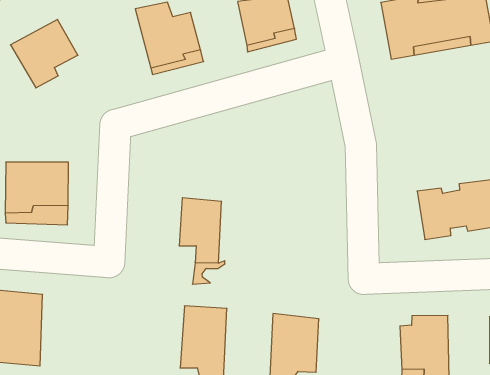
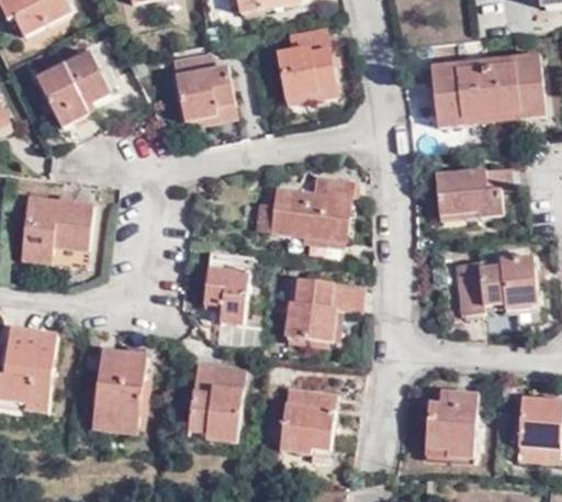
building: none -> [431,169,507,215]
building: none -> [245,179,345,237]
building: none -> [290,280,356,342]
building: none -> [92,353,149,426]

